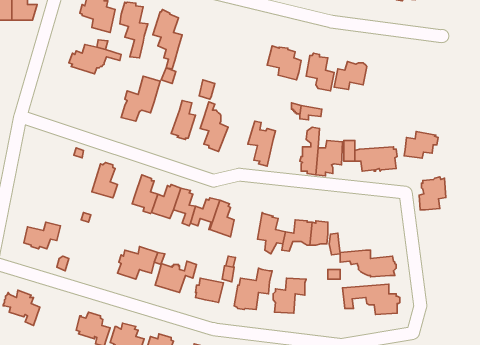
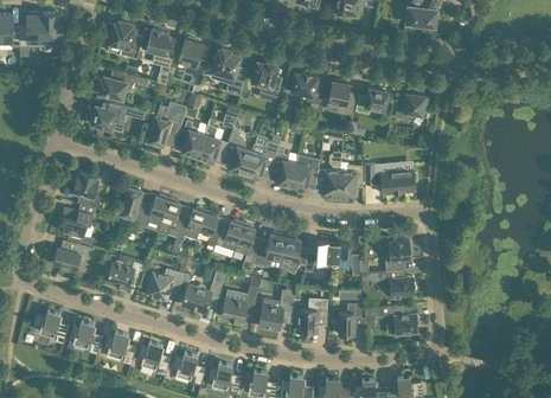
building: none -> [212,47,246,95]
building: none -> [252,62,280,102]
building: none -> [89,101,146,129]
building: none -> [181,120,205,156]
building: none -> [243,134,281,178]
building: none -> [290,154,320,190]
building: [404,131,438,158] -> [395,92,428,118]
building: none -> [72,172,101,207]
building: none -> [139,193,168,226]
building: [419,177,446,210] -> [385,238,411,270]
building: none -> [62,210,92,243]
building: none -> [252,232,286,267]
building: none -> [104,259,145,288]
building: none -> [339,302,361,334]
building: none -> [68,320,103,353]

